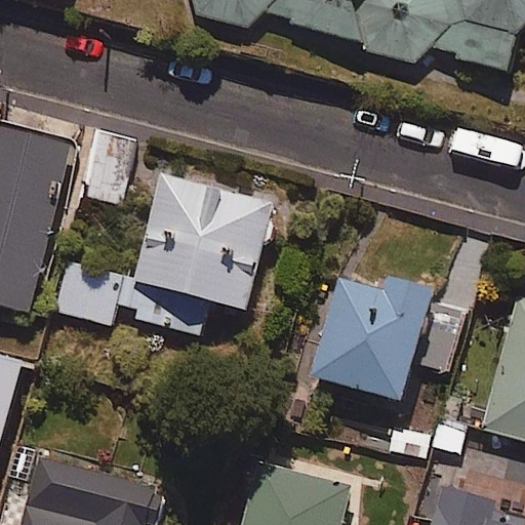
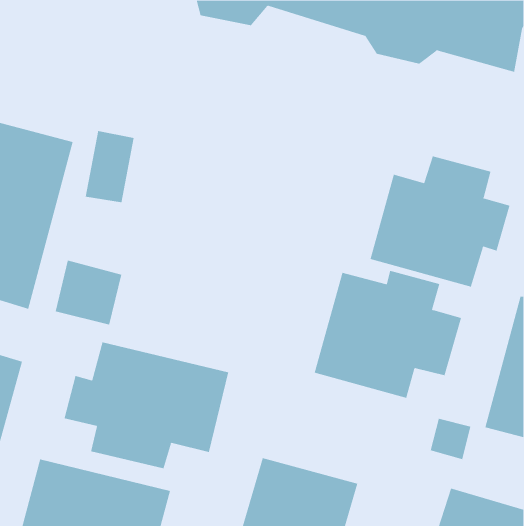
building: none -> [370,155,510,288]
building: [125,170,274,336] -> none
building: none -> [64,342,229,469]

